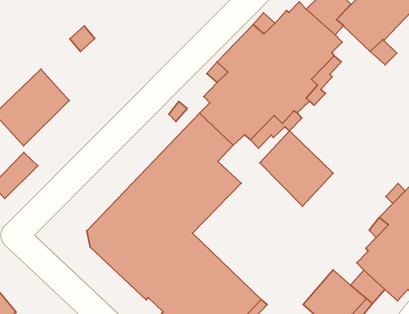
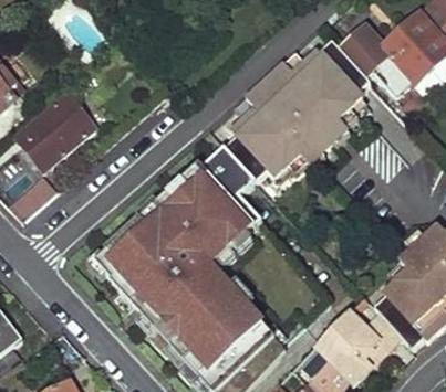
building: [260,131,333,206] -> none

